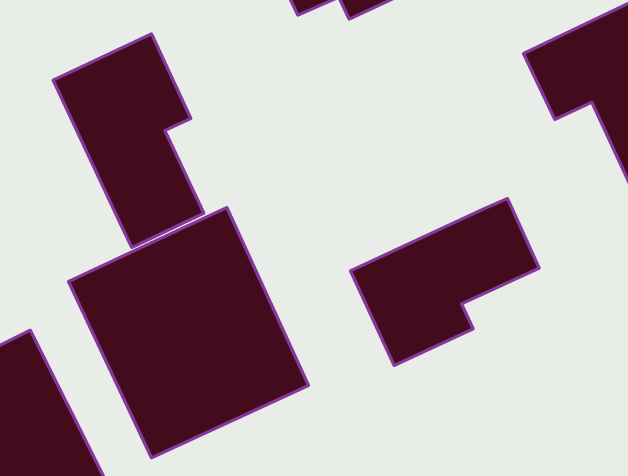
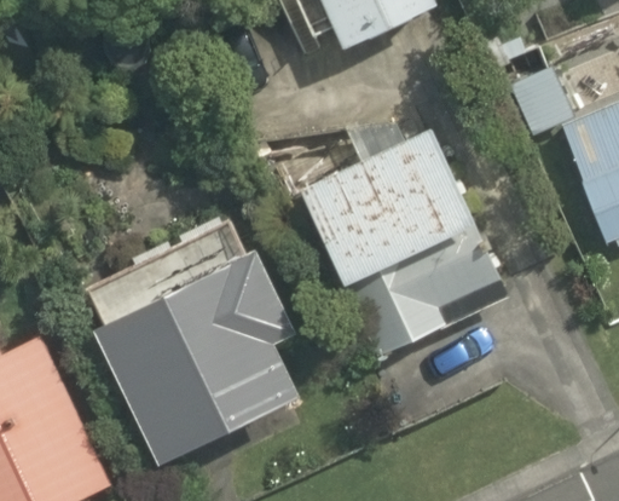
building: [53,34,204,248] -> none
building: none -> [296,138,461,287]

